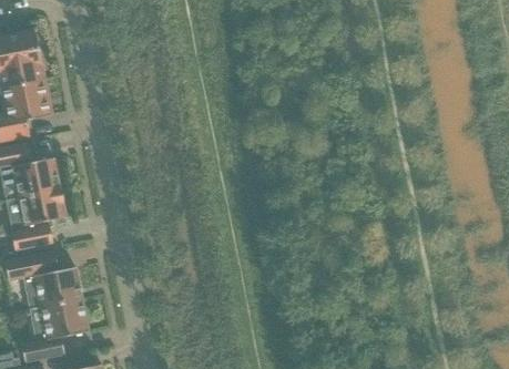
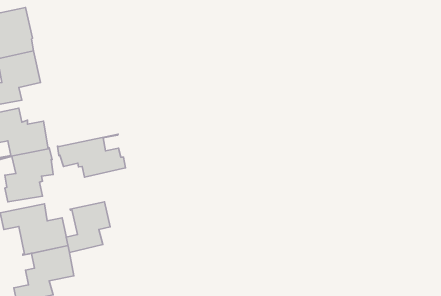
building: none -> [58,134,126,177]
building: none -> [66,202,110,252]

